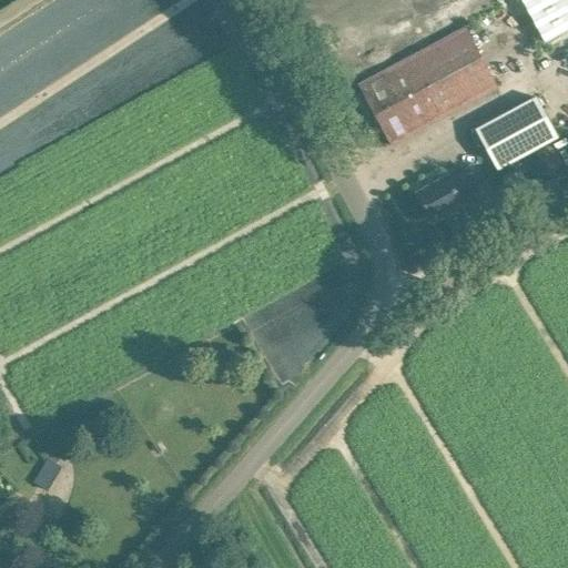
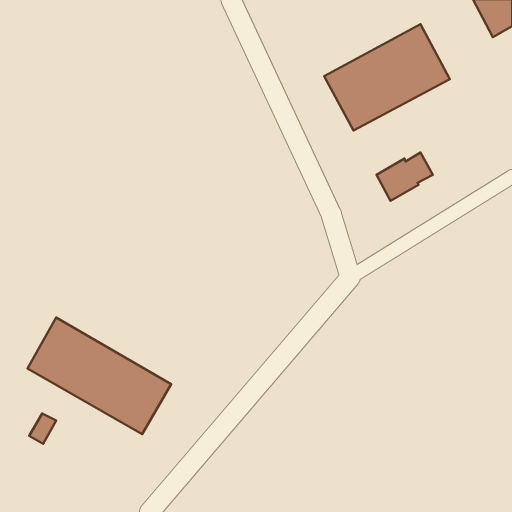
building: [475,95,558,169] -> none
building: none -> [27,318,171,434]

